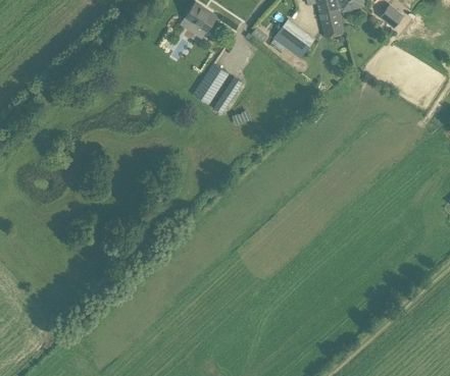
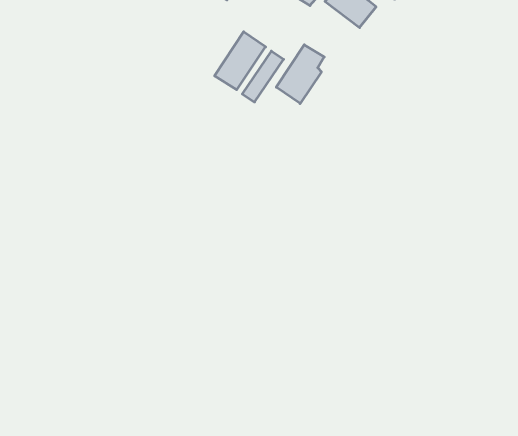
building: none -> [276,45,324,104]

